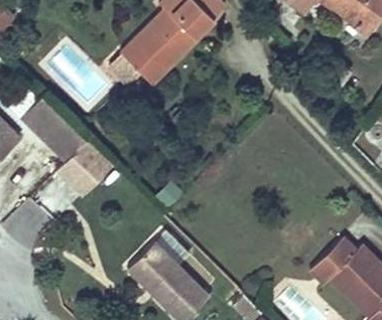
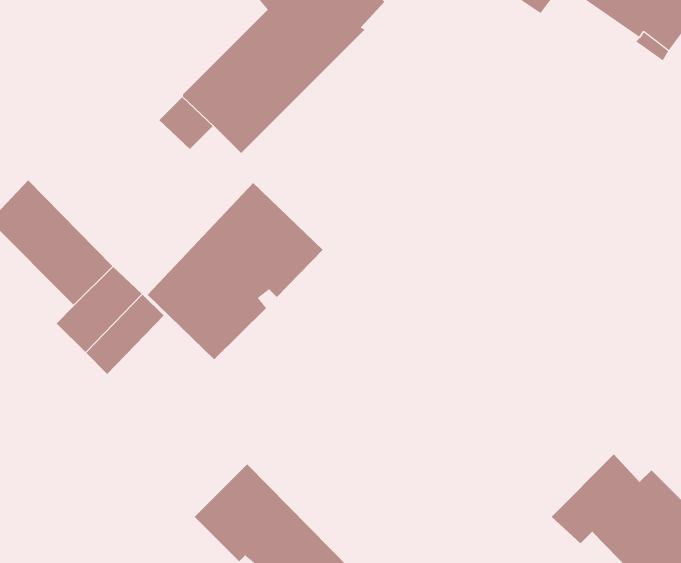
building: none -> [147,182,323,360]

